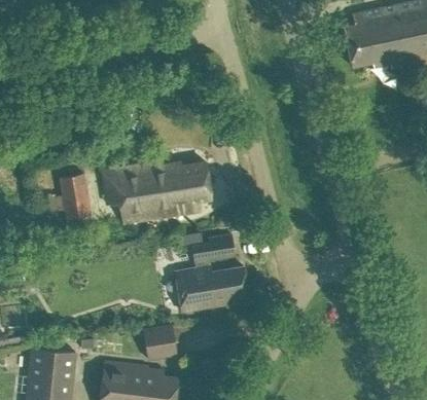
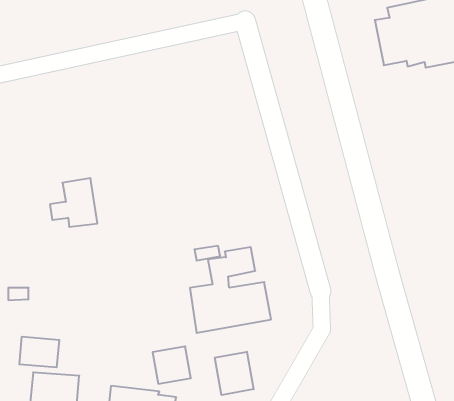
building: [114,160,212,222] -> none
building: none -> [19,337,59,367]
building: none -> [215,352,254,395]

